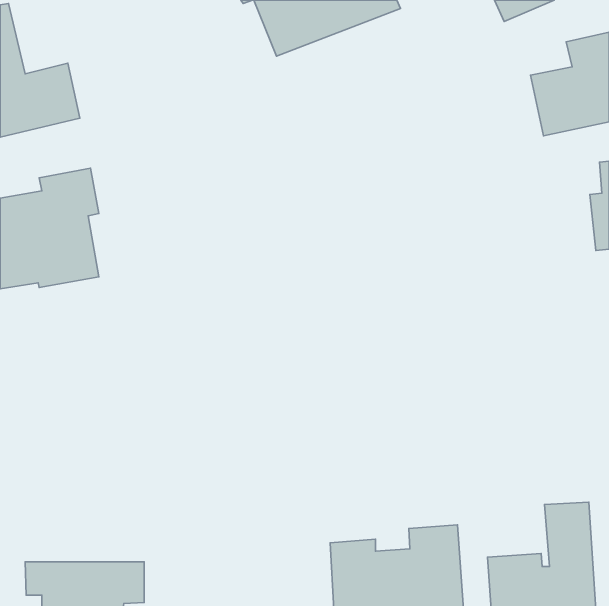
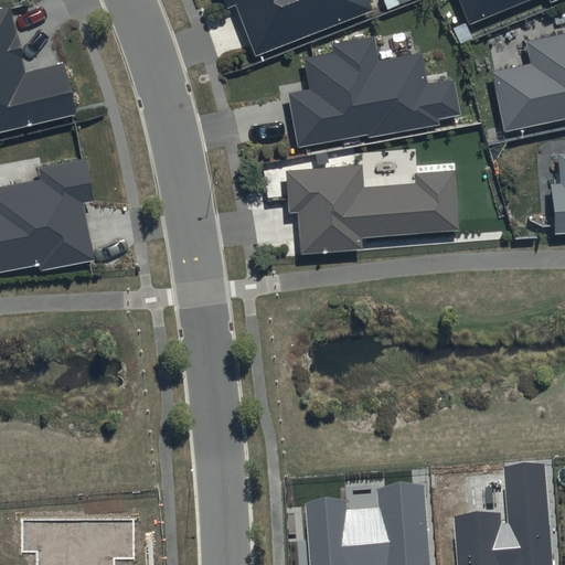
building: none -> [287,33,459,146]
building: none -> [282,162,457,252]

